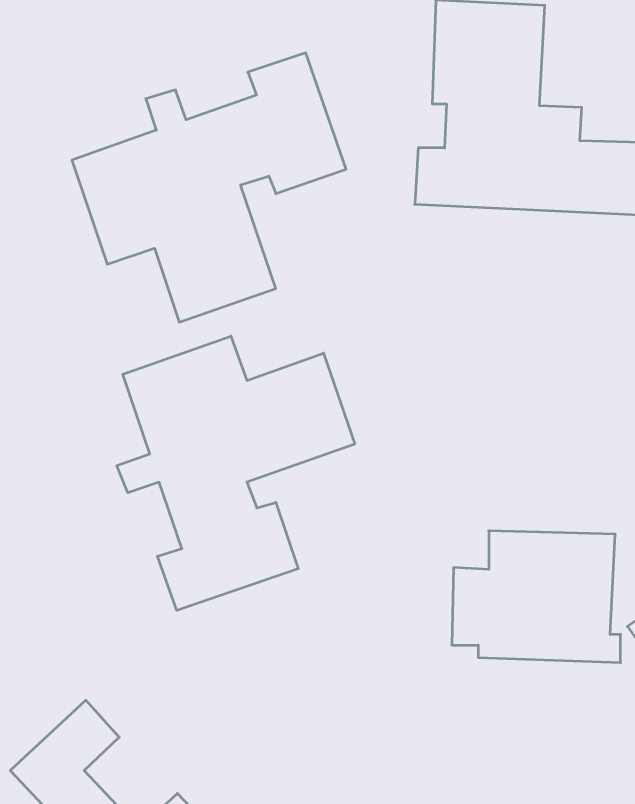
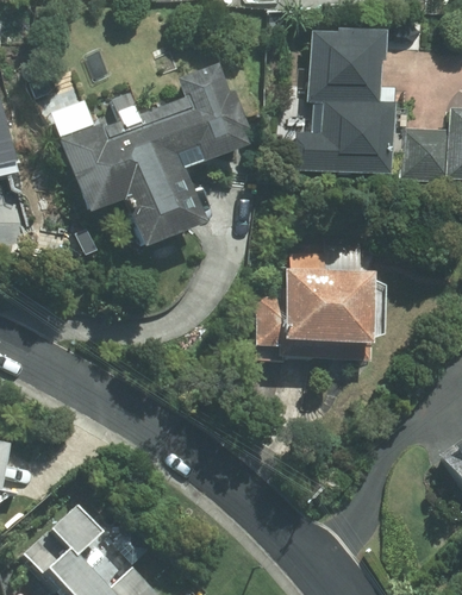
building: [117,336,355,610] -> none
building: [452,531,621,663] -> [260,269,374,358]

